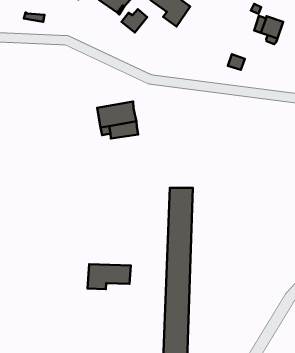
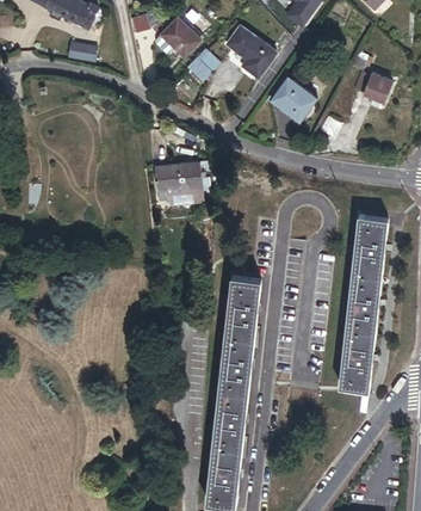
building: none -> [267,75,310,118]
building: none -> [341,215,389,389]
building: [87,264,131,289] -> none

